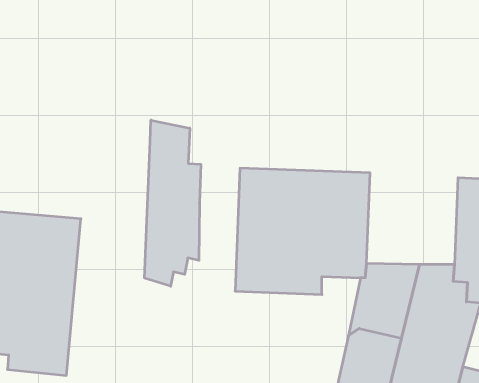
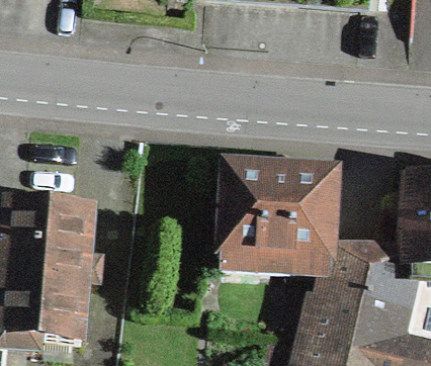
building: [145,120,201,286] -> none

